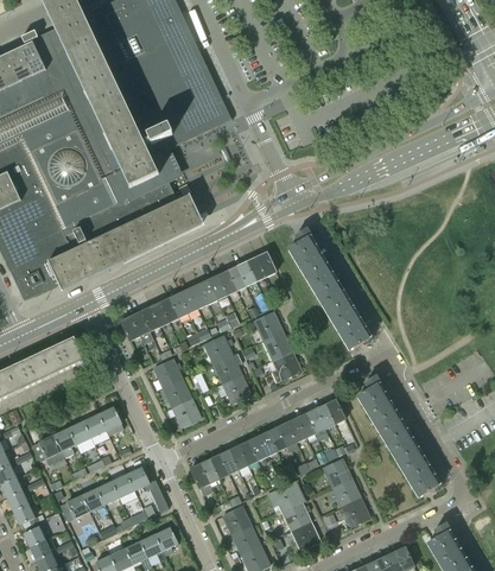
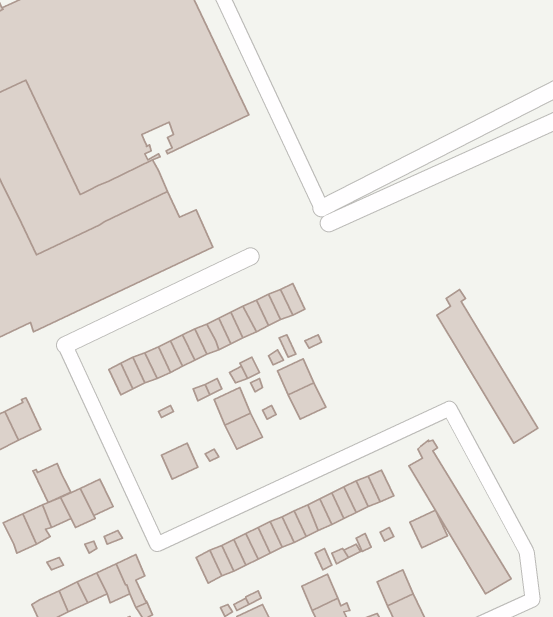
building: [288,228,368,349] -> [437,290,538,443]
building: [56,336,85,367] -> [33,463,71,503]
building: [272,349,302,381] -> none
building: [153,357,183,387] -> none
building: [222,373,252,402] -> none
building: [171,396,201,426] -> none
building: [323,457,353,487] -> [410,510,448,548]

